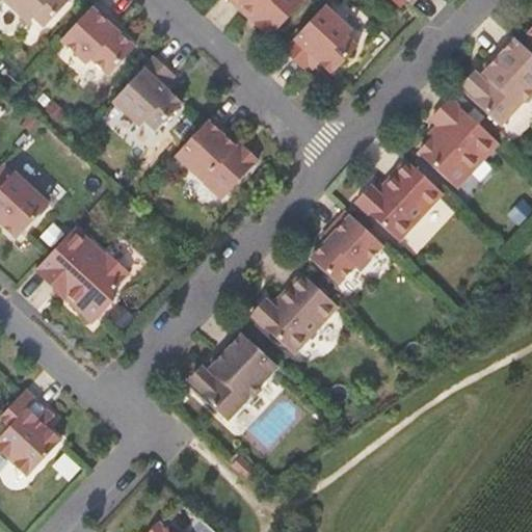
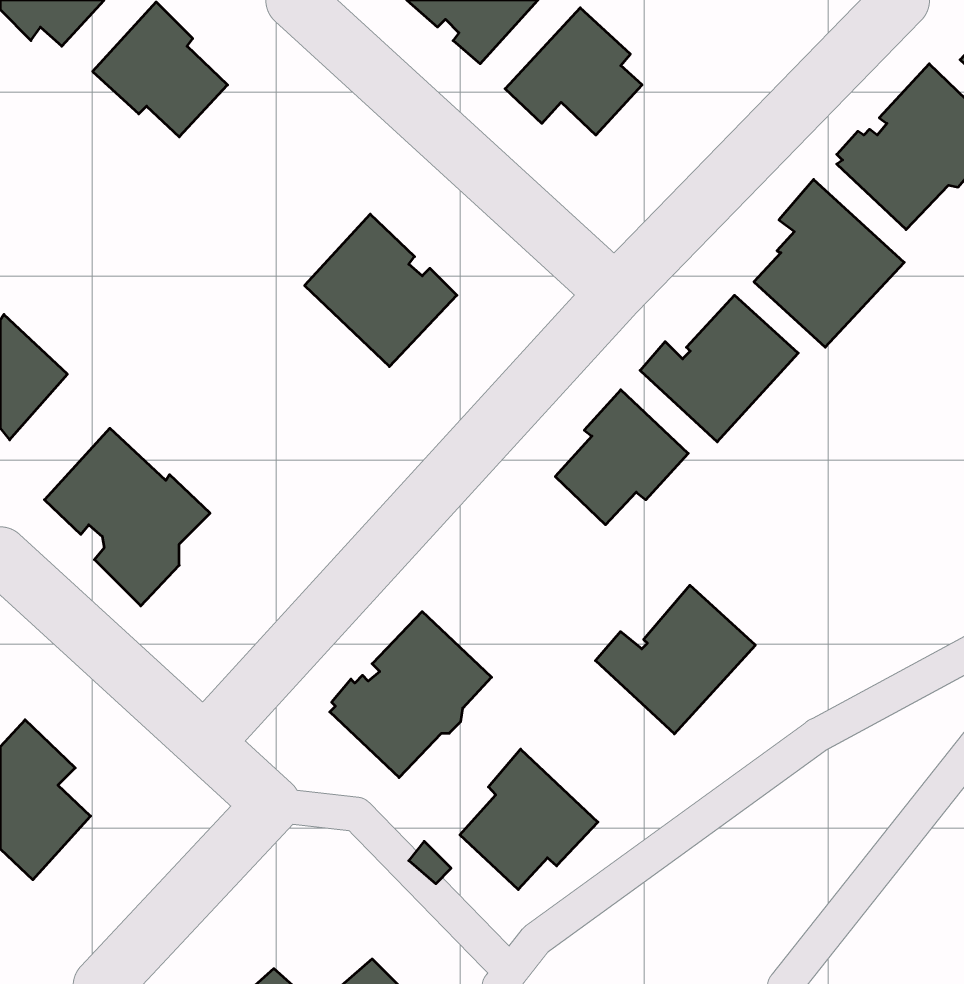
building: [112,56,182,130] -> none
building: [250,273,337,353] -> [595,585,755,734]
building: none -> [460,749,598,890]

